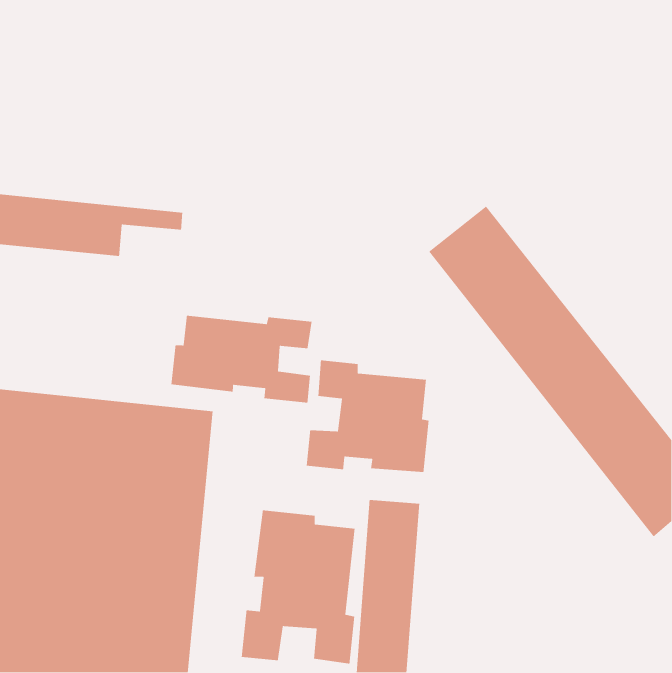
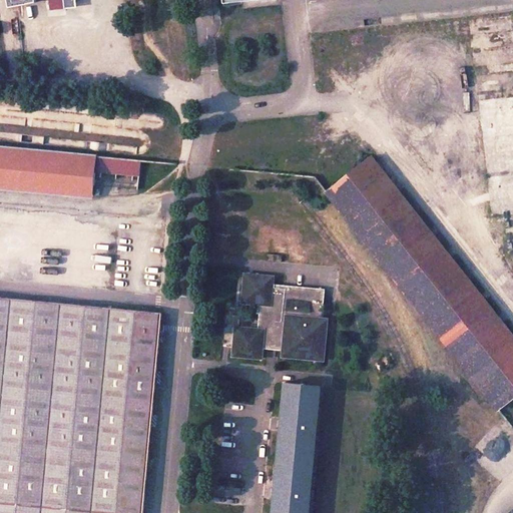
building: [171,315,313,403] -> none
building: [241,509,356,664] -> none

